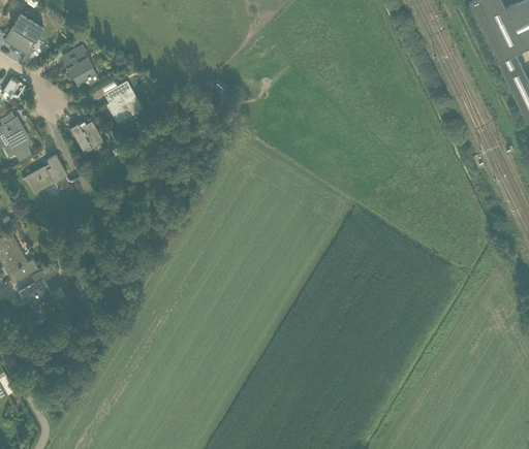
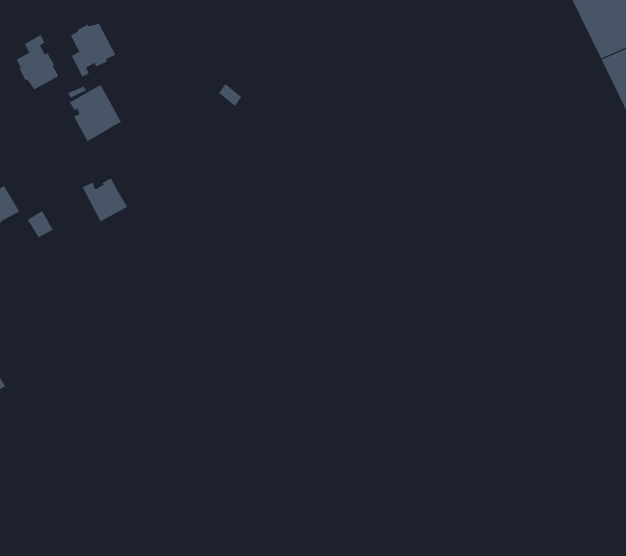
building: none -> [70,23,116,78]
building: [70,121,104,154] -> [82,178,128,222]

